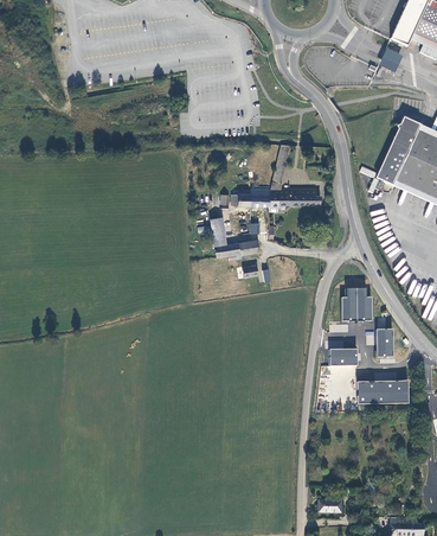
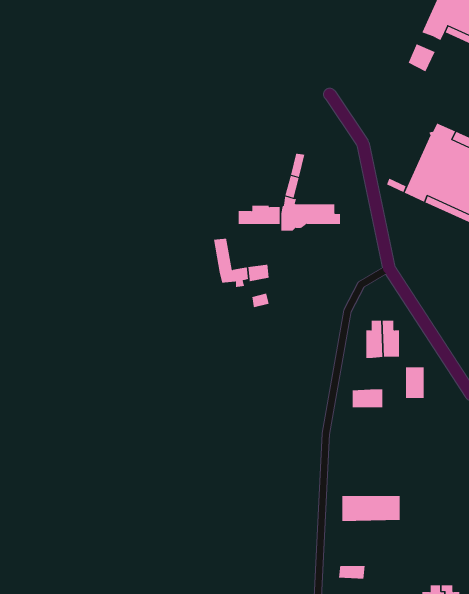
building: [358,379,409,402] -> [342,495,400,521]

